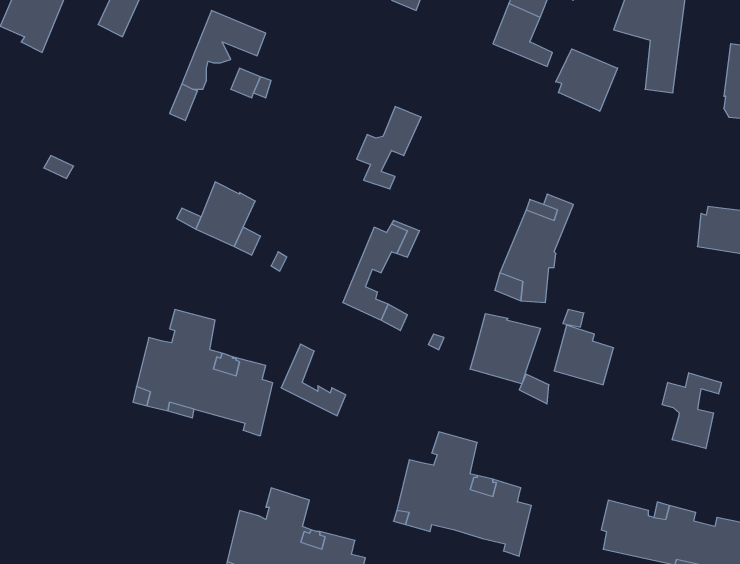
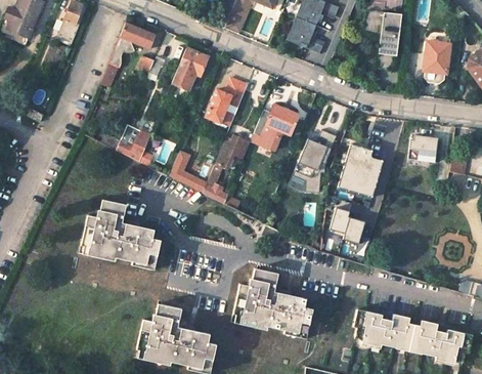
building: [556,49,618,111] -> none
building: none -> [172,48,208,90]
building: none -> [254,105,299,151]
building: none -> [340,153,383,195]
building: [470,314,540,384] -> none
building: [281,344,346,416] -> [169,152,207,194]
building: [662,373,721,449] -> none

